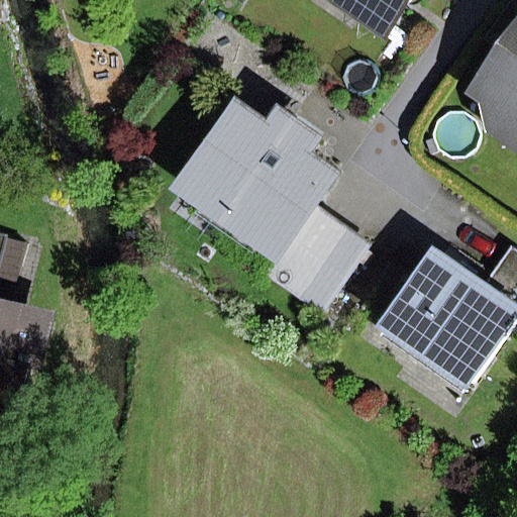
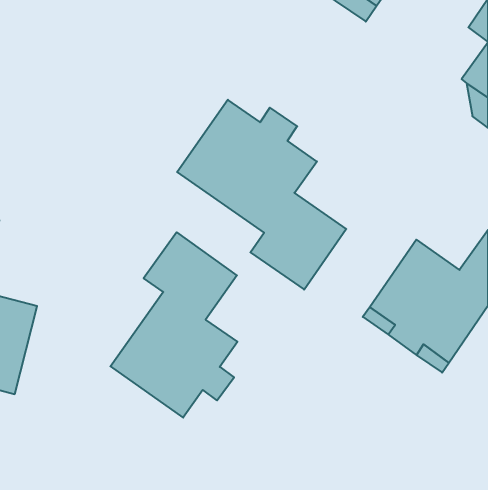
building: none -> [110,232,237,418]

